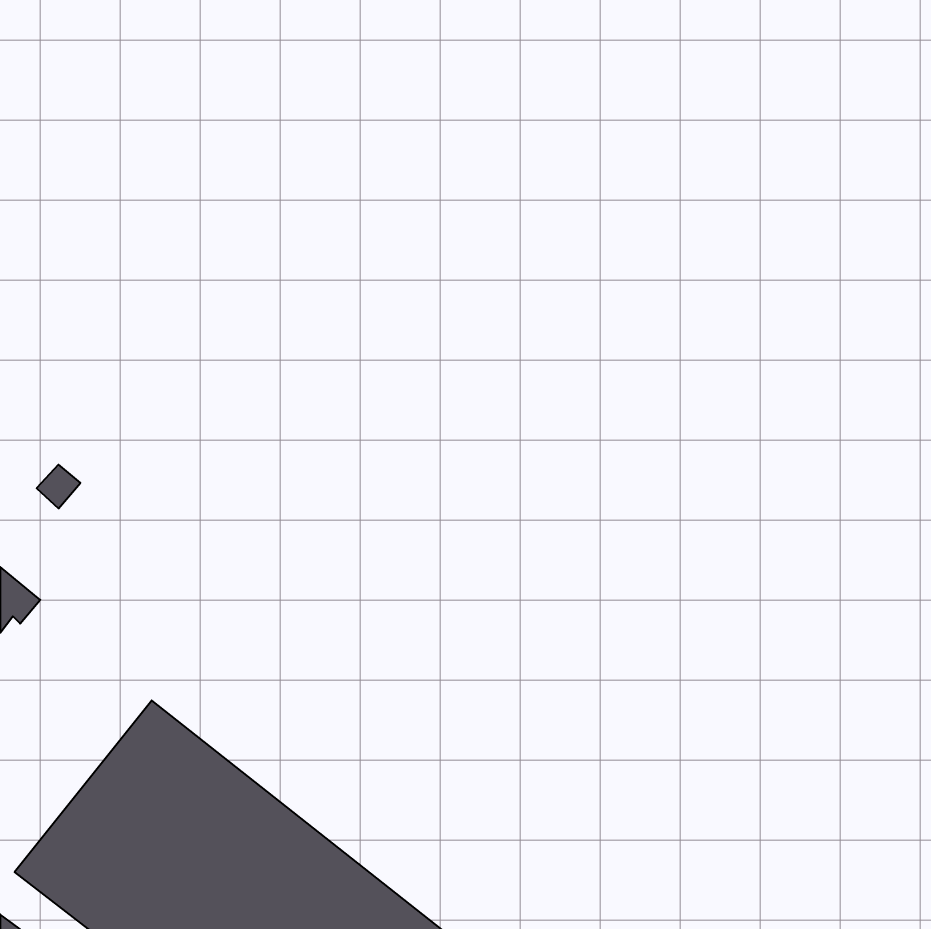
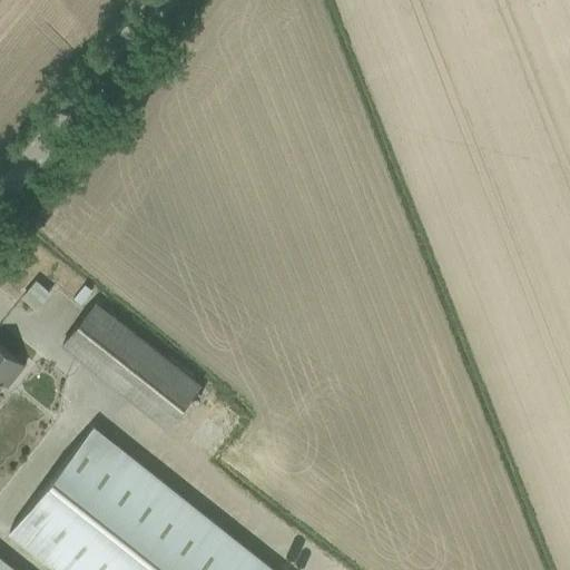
building: none -> [63,306,202,431]

